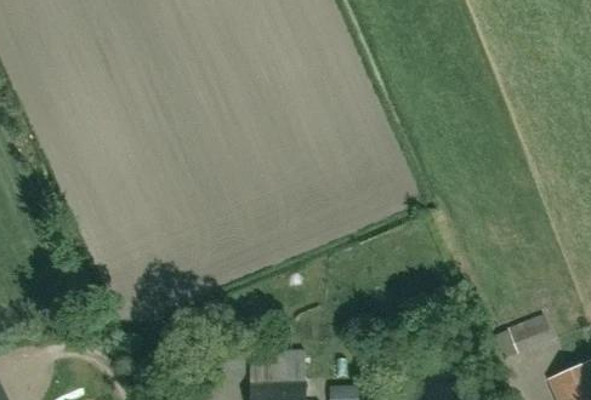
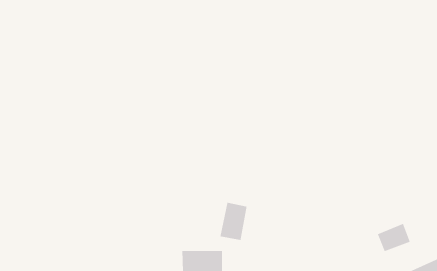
building: none -> [220,202,247,241]

